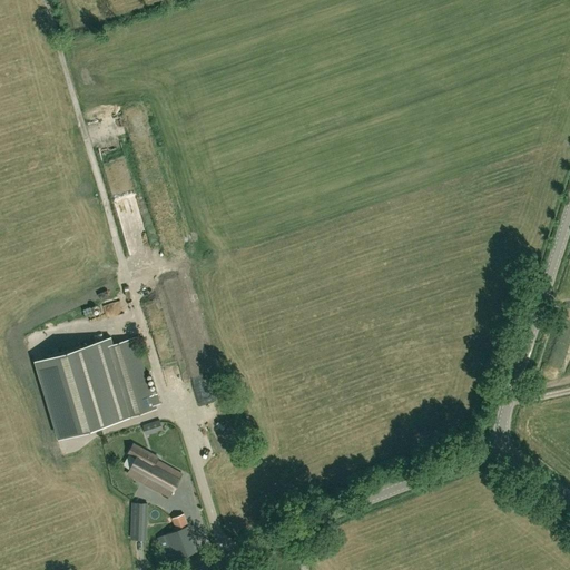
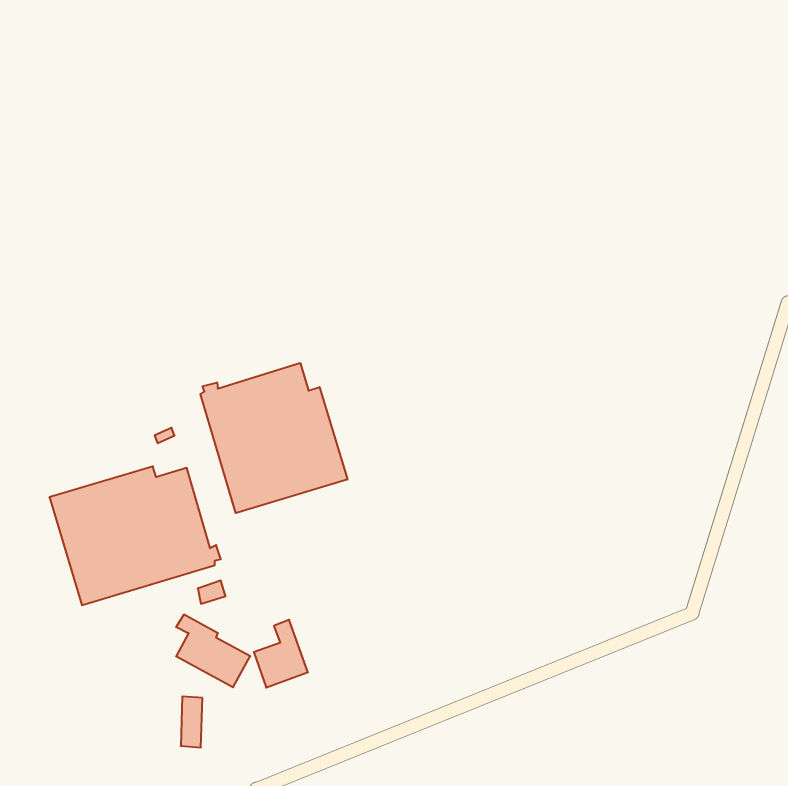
building: none -> [200,363,347,513]
building: [157,515,196,564] -> [254,620,308,688]

